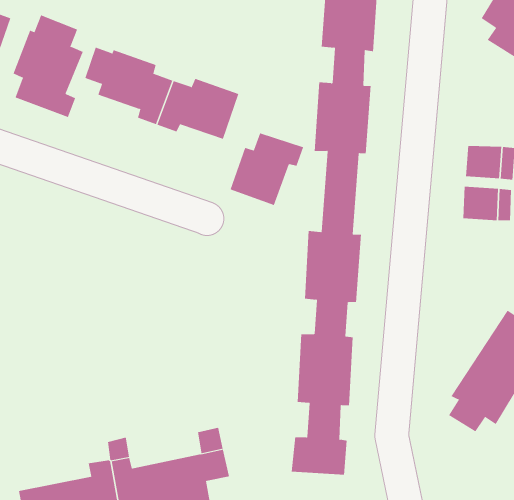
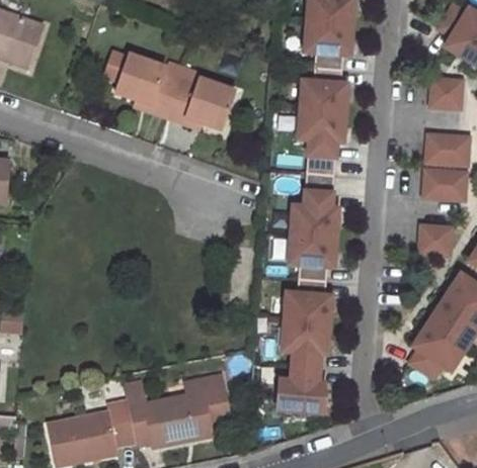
building: [13,14,84,118] -> none
building: none -> [429,78,461,107]
building: [230,133,304,206] -> none
building: none -> [420,224,451,253]

